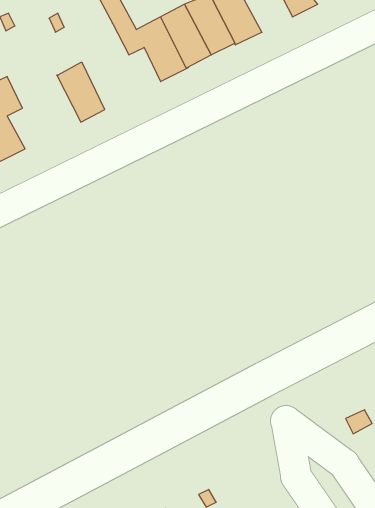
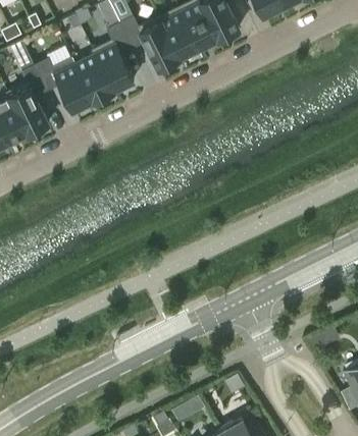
building: none -> [92,23,134,93]
building: none -> [35,58,94,112]

